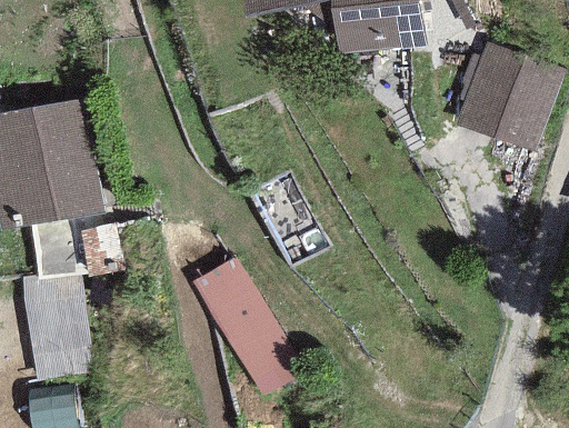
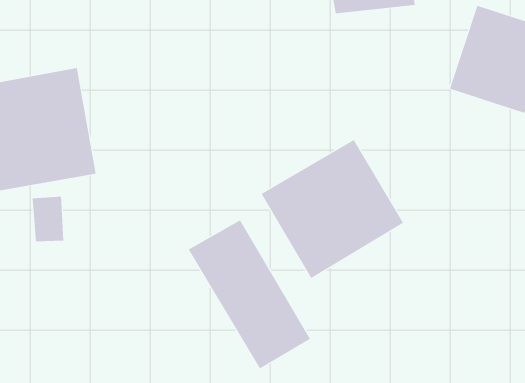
building: none -> [261,139,404,279]
building: [27,278,93,384] -> none

